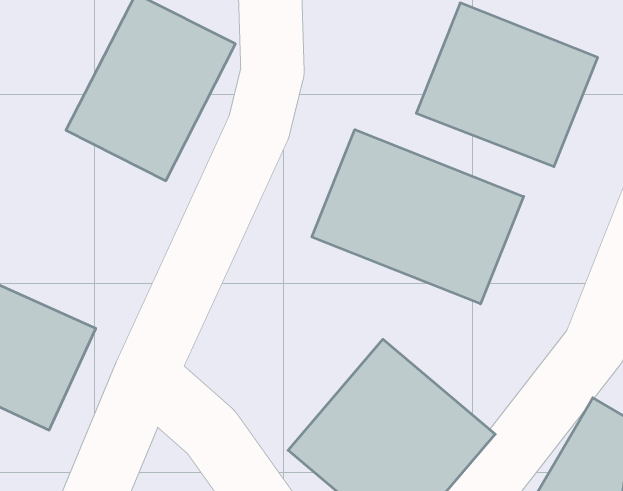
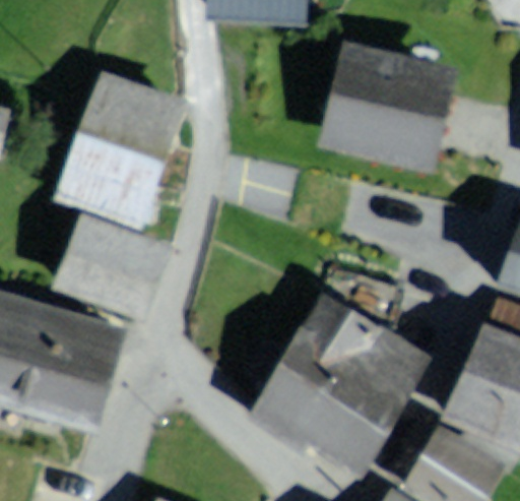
building: [312,130,524,304] -> none
building: none -> [53,216,158,310]

